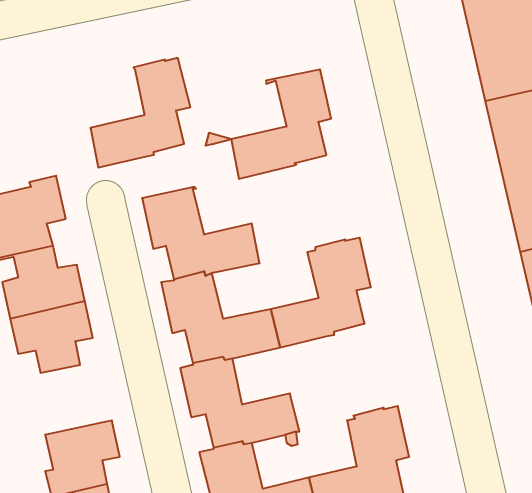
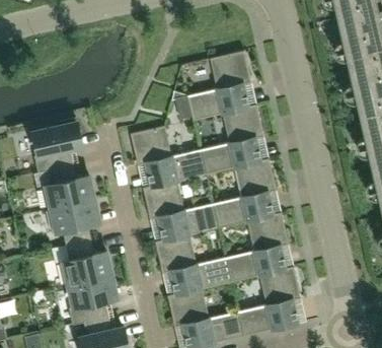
building: [90,58,190,168] -> [201,105,264,175]
building: none -> [225,212,289,282]
building: none -> [64,239,111,284]

